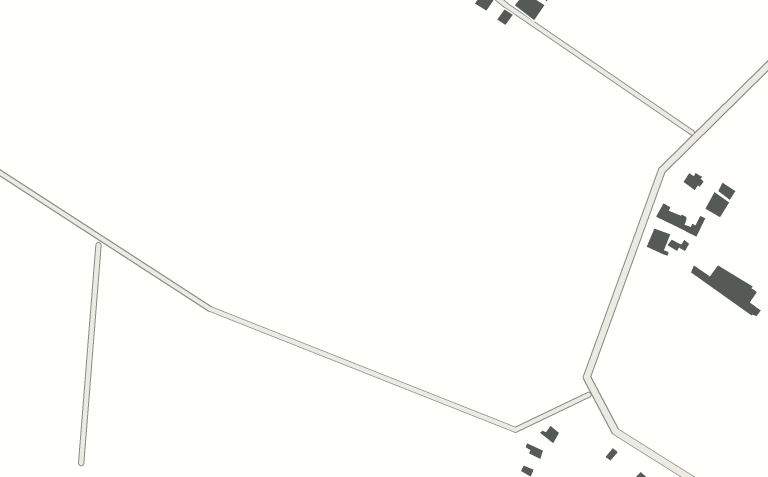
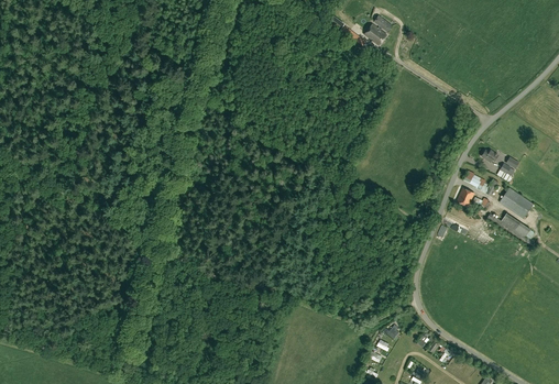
building: none -> [500,187,534,218]

